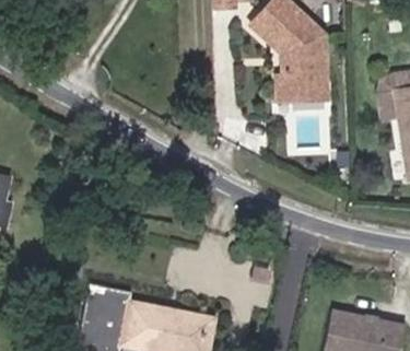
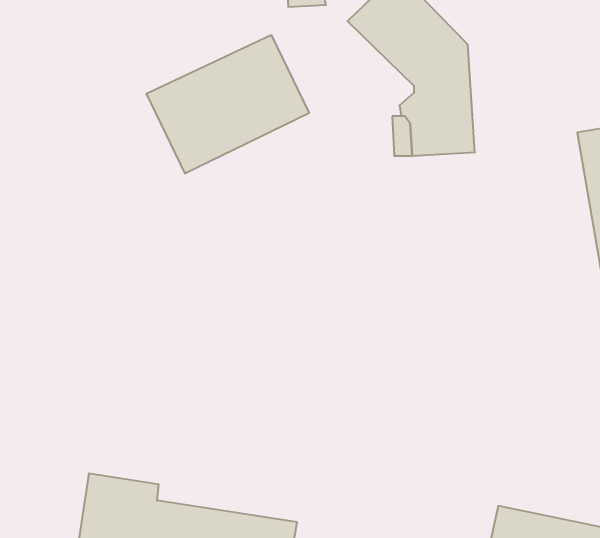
building: none -> [147,35,309,174]

